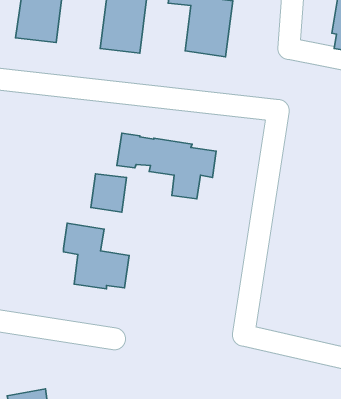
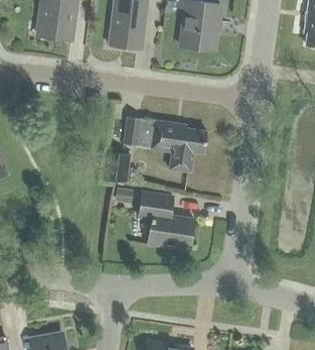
building: [63,223,129,289] -> [139,192,194,247]

